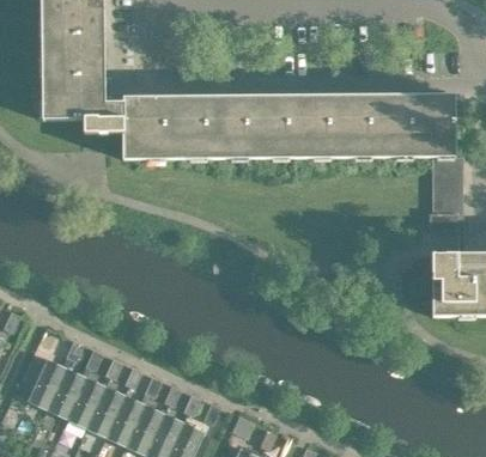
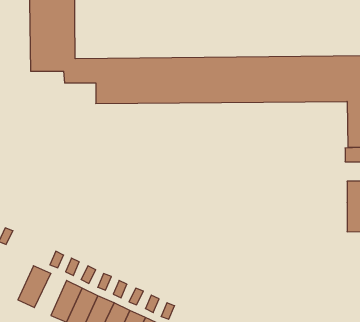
building: [48,366,87,418] -> none

